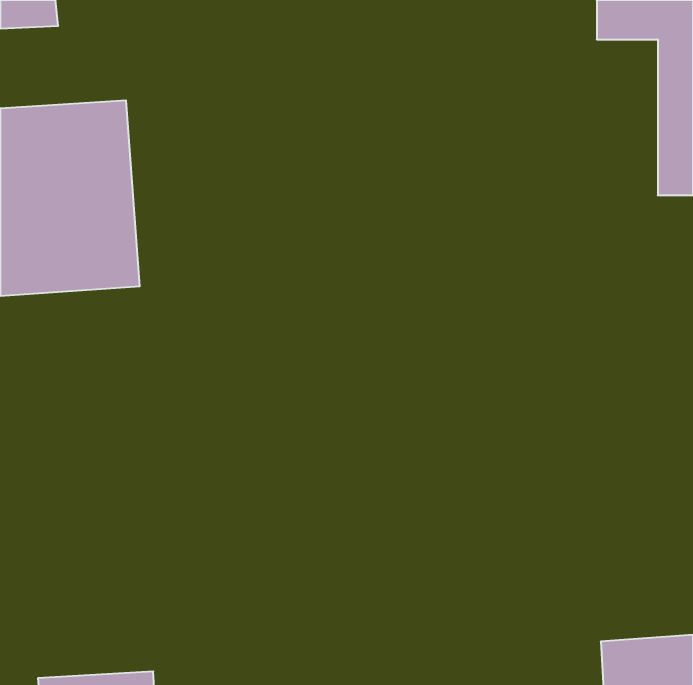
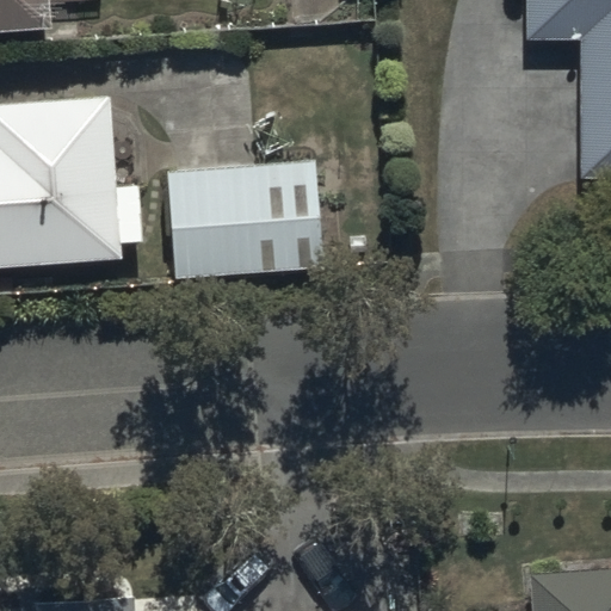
building: none -> [166,161,325,280]

